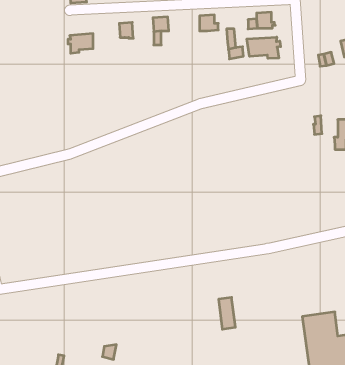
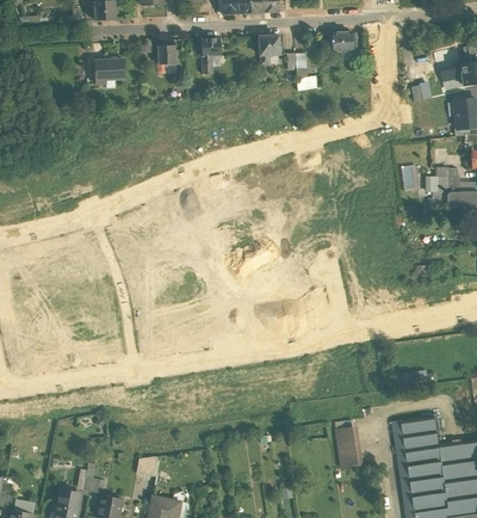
building: [247,37,281,58] -> none
building: [219,297,235,329] -> [336,426,358,467]

